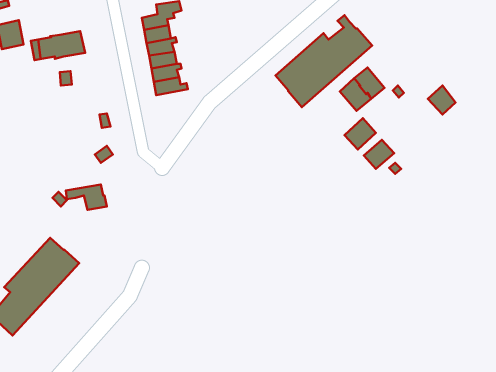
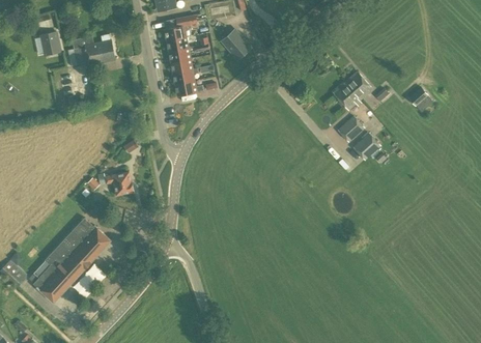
building: [276,15,372,107] -> none
building: none -> [220,29,250,59]

